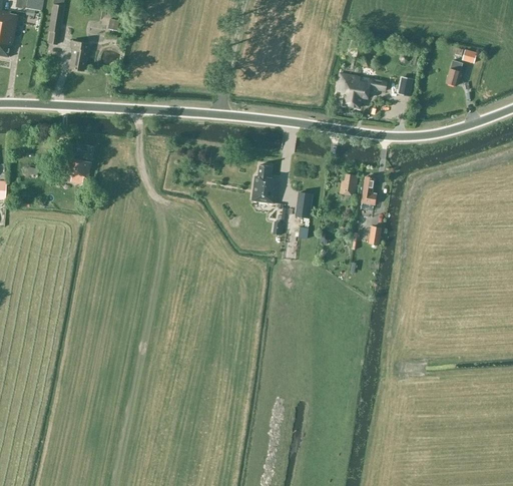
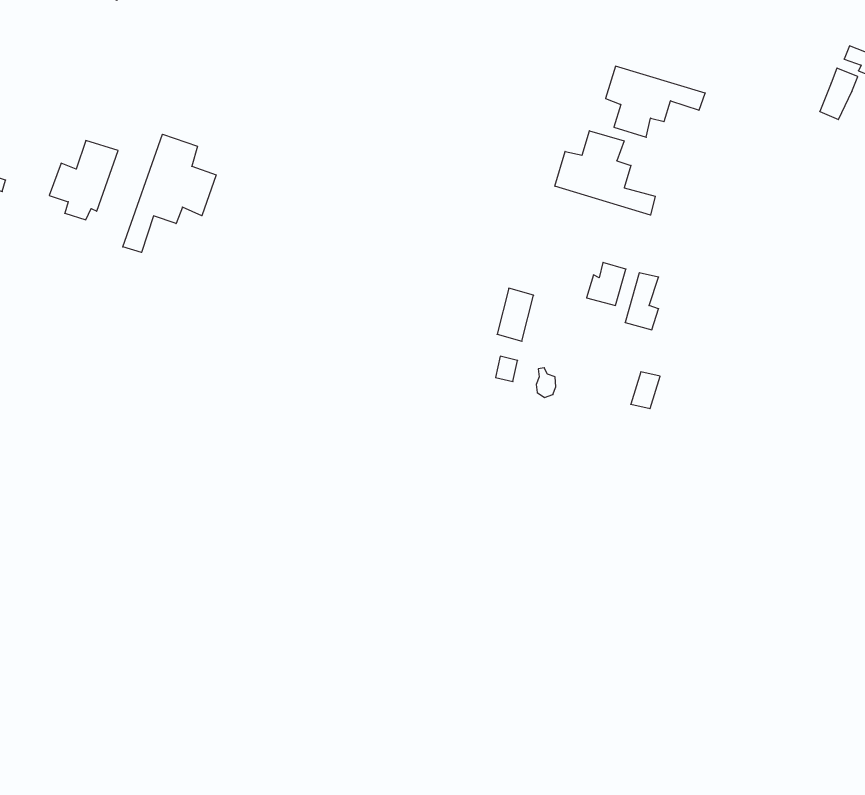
building: none -> [555,131,655,215]
building: none -> [123,134,216,252]
building: [252,165,278,203] -> none

